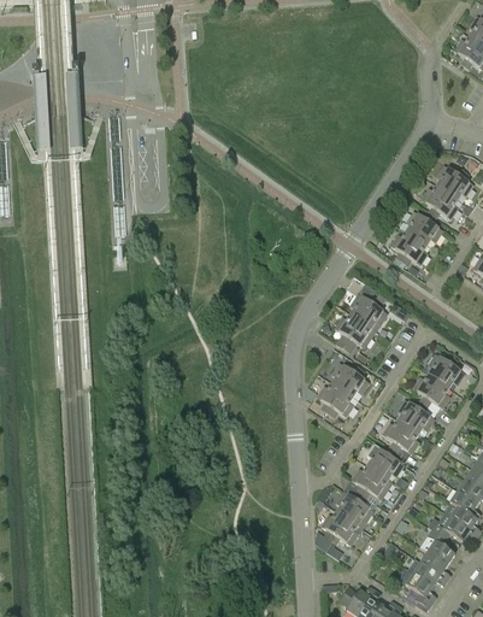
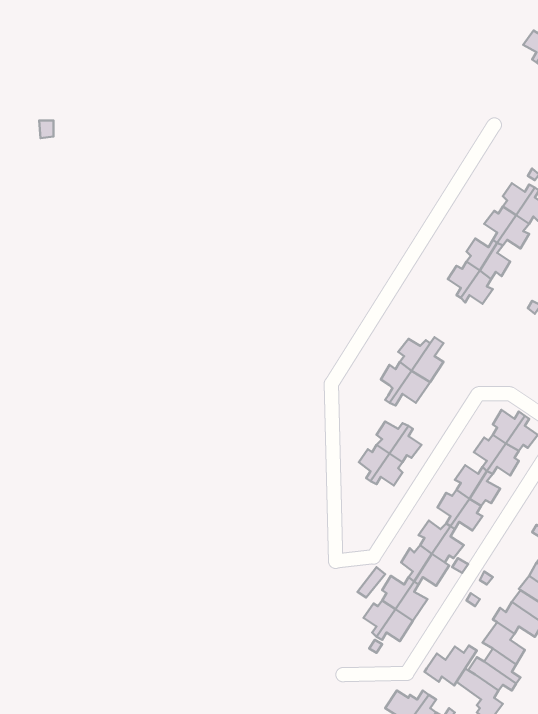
building: none -> [424,646,477,685]

